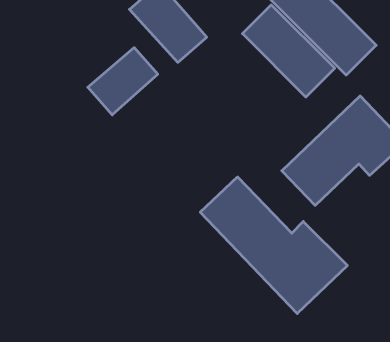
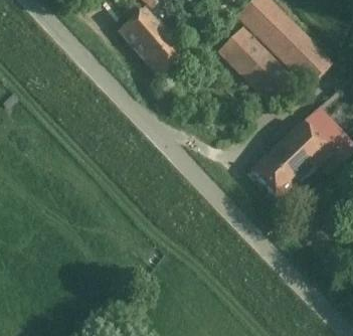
building: [88,48,158,115] -> none
building: [200,177,347,314] -> none

